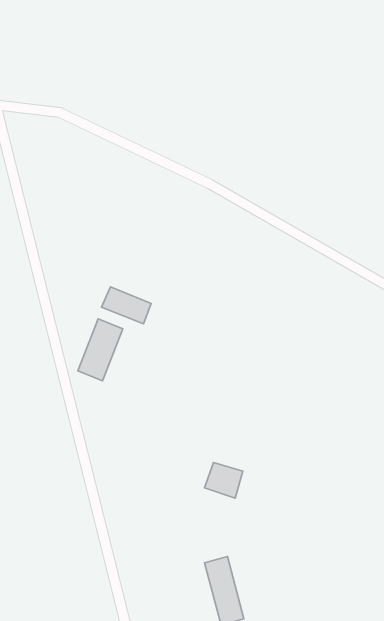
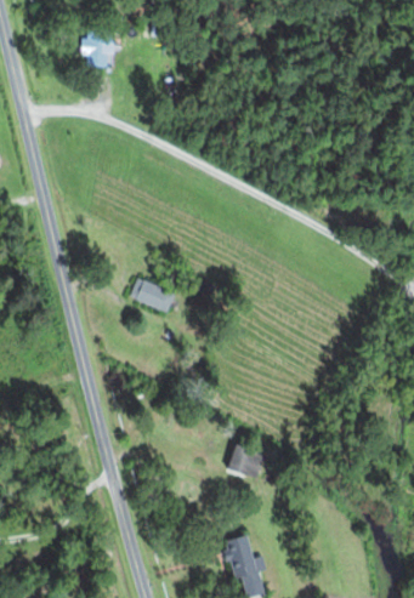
building: none -> [86,28,112,67]
building: [78,319,123,381] -> none

